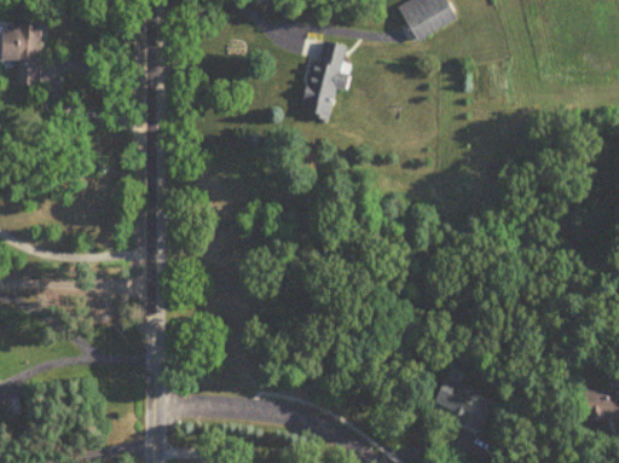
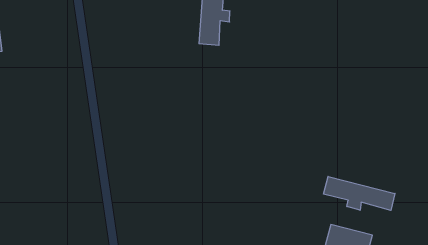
building: none -> [324,176,395,210]

